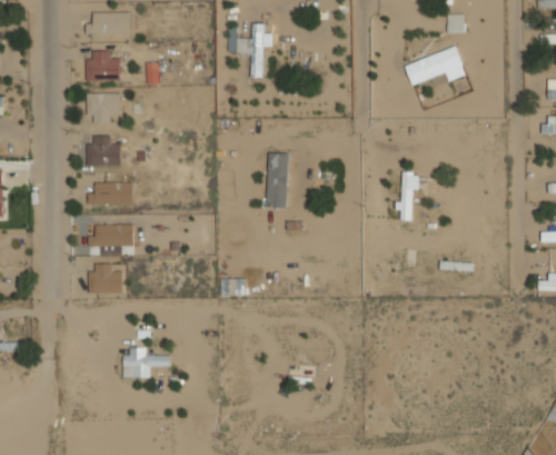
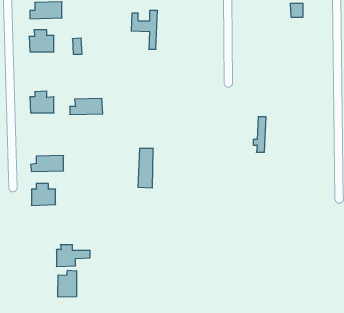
building: [405,47,466,85] -> none
building: [87,93,120,123] -> none
building: [267,154,288,208] -> [138,148,153,188]
building: [88,182,133,205] -> [70,99,103,115]
building: none -> [58,270,77,297]

